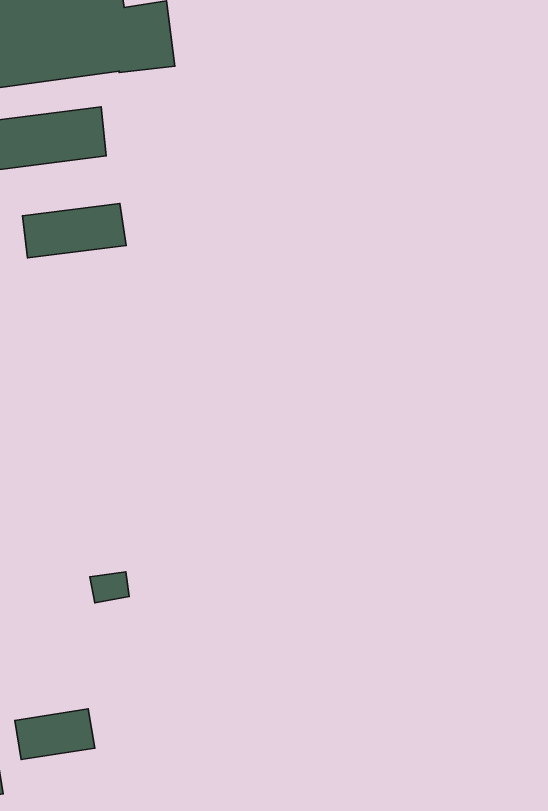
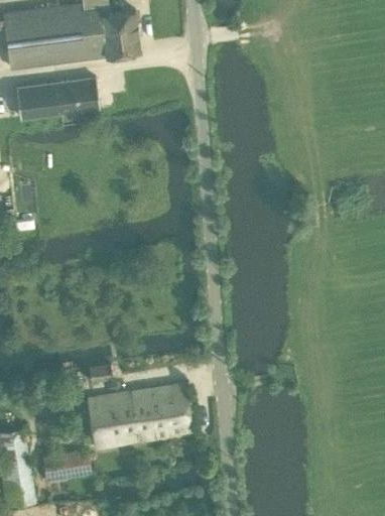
building: [22,204,126,258] -> none
building: none -> [89,382,191,447]

